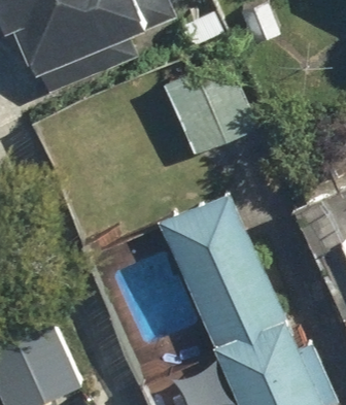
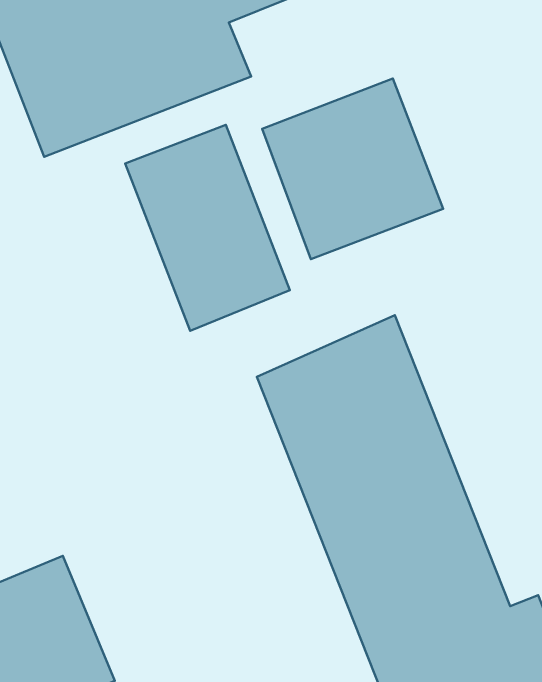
building: none -> [125,125,290,331]

